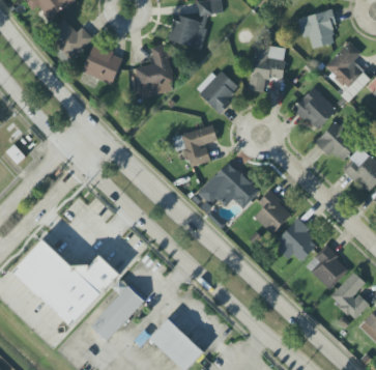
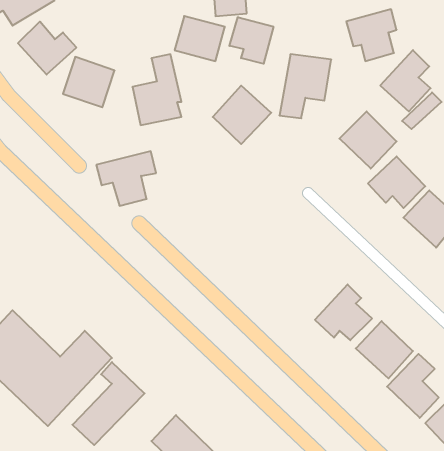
building: none -> [229,17,273,64]
building: [172,125,218,167] -> [96,151,156,206]
building: [199,169,260,208] -> none
building: [254,191,292,234] -> none

